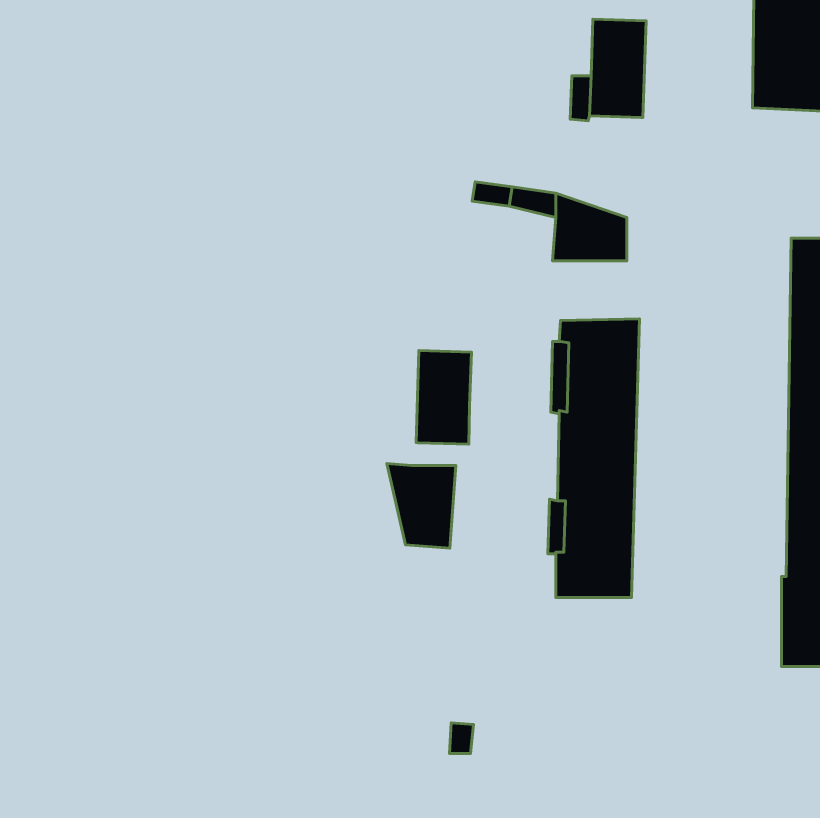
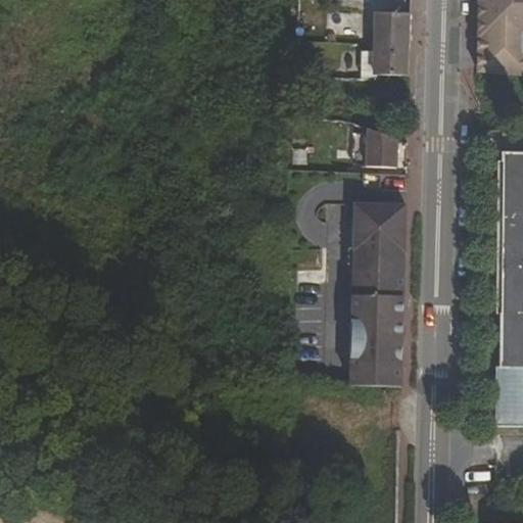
building: [416,350,471,444] -> none
building: [387,464,456,548] -> none

